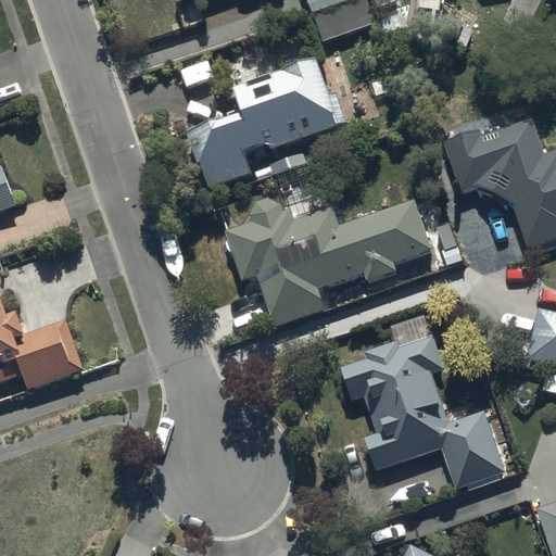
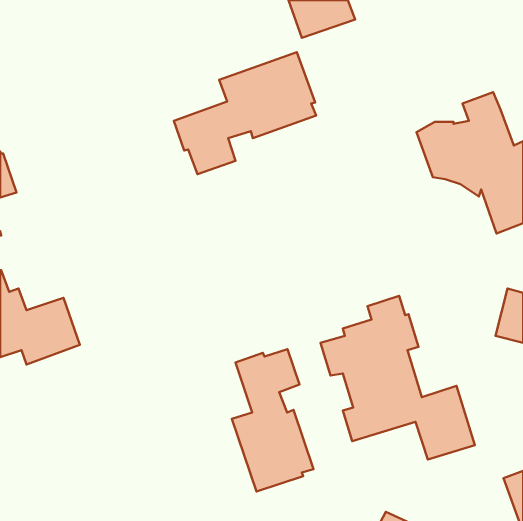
building: [225,199,430,327] -> none
building: none -> [232,349,314,491]

